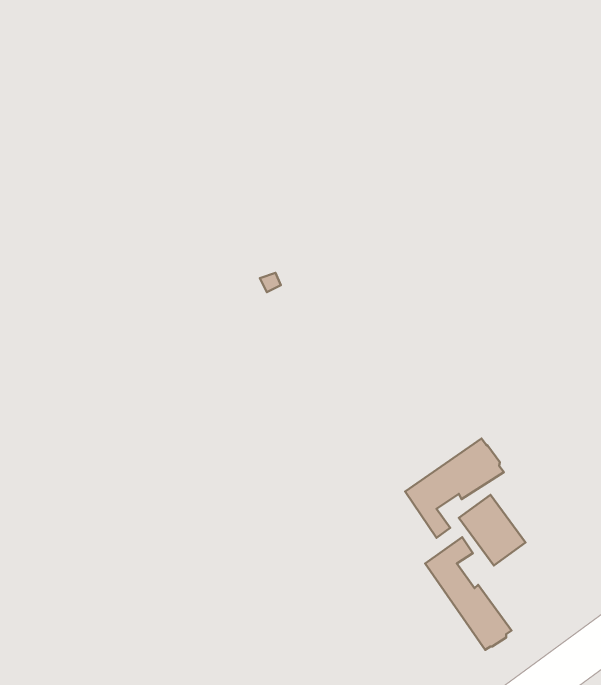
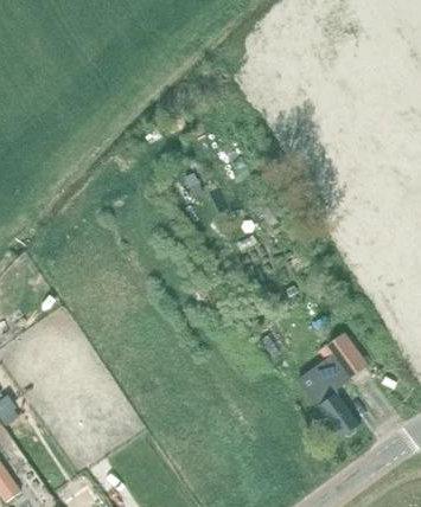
building: [405,439,504,538] -> none

